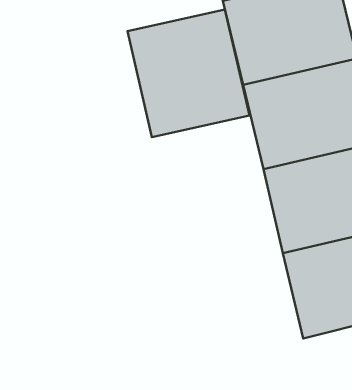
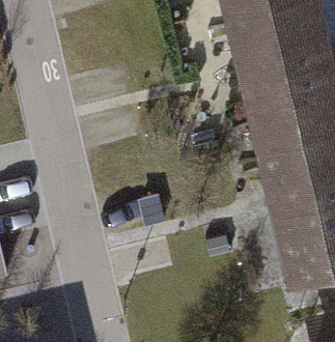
building: [127,9,249,137] -> none

